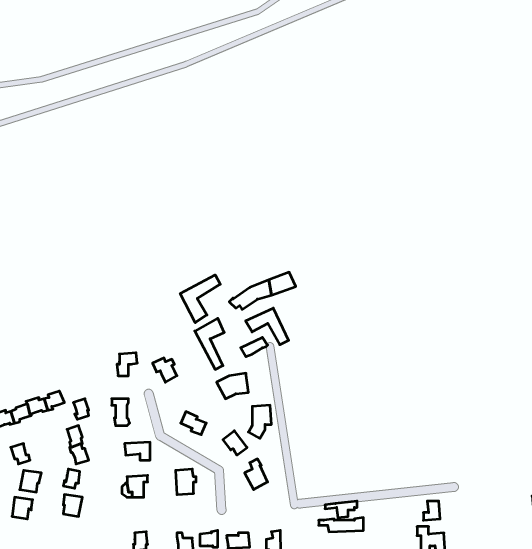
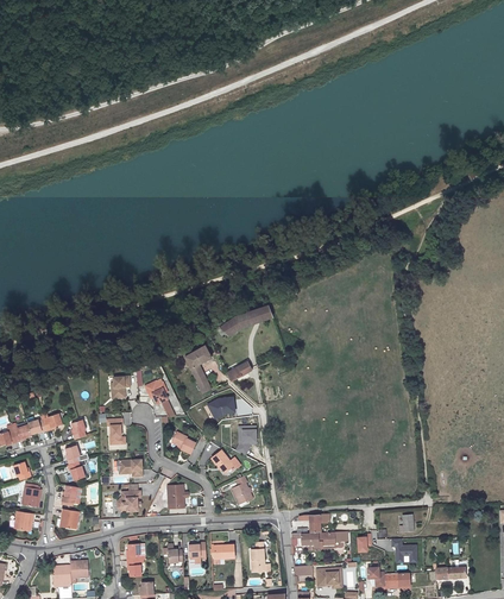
building: [180,275,220,323] -> none
building: [246,308,289,345] -> none

